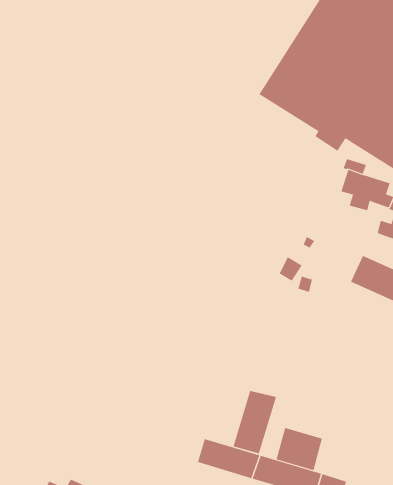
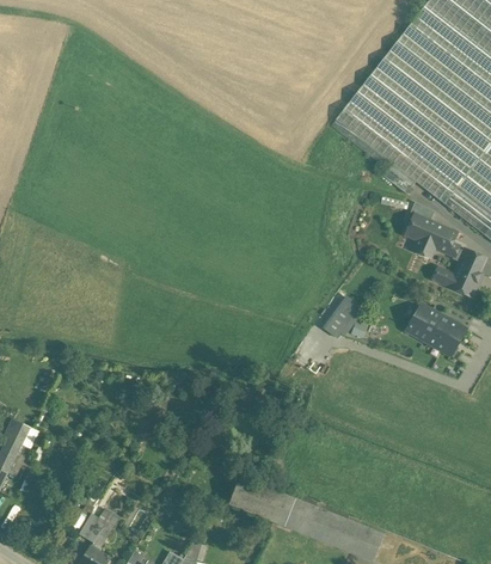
building: [233,390,276,454] -> none
building: [276,427,323,471] -> none

